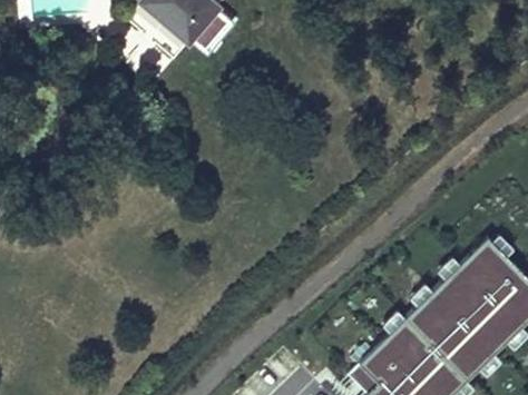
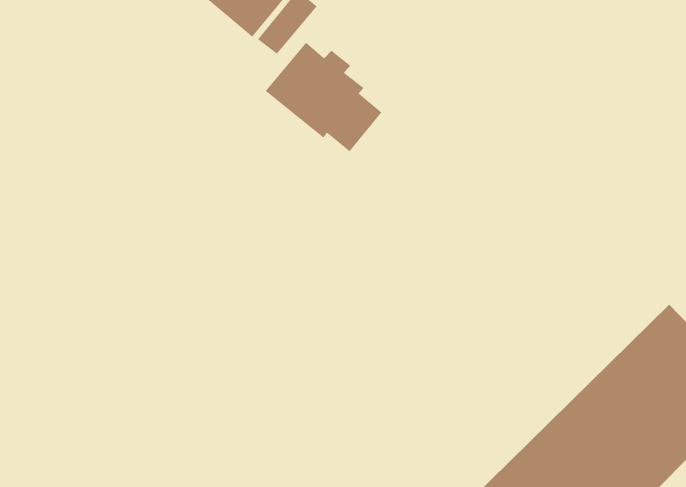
building: none -> [265,42,382,152]

